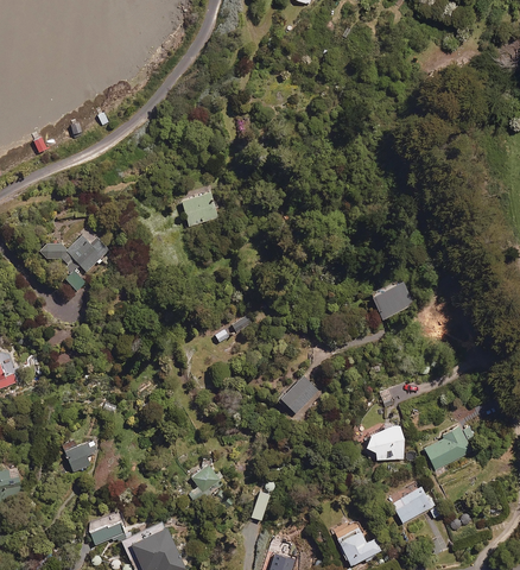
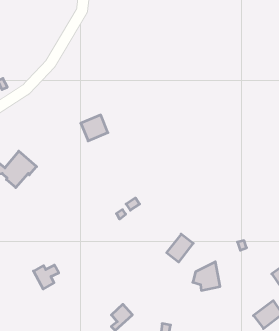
building: [369,279,413,319] -> none
building: [364,423,402,461] -> [193,262,220,290]
building: [62,439,97,473] -> [33,265,59,289]

